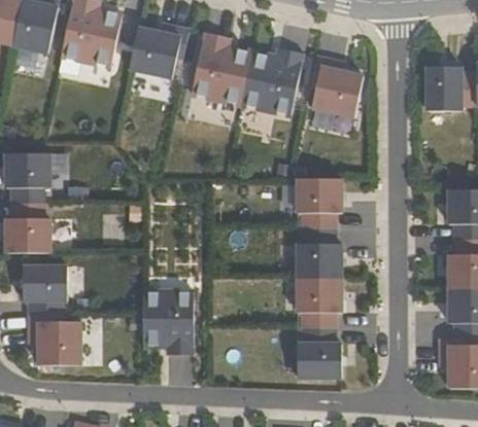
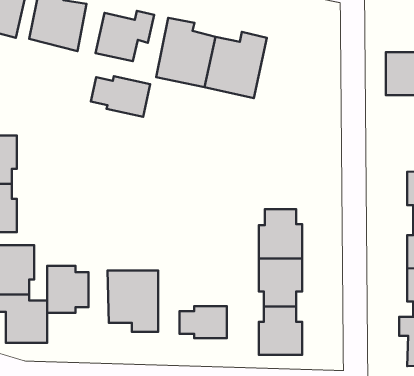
building: [310,58,363,118] -> none
building: none -> [91,76,150,117]
building: [296,179,340,228] -> none
building: none -> [47,266,89,313]
building: none -> [179,306,227,338]

